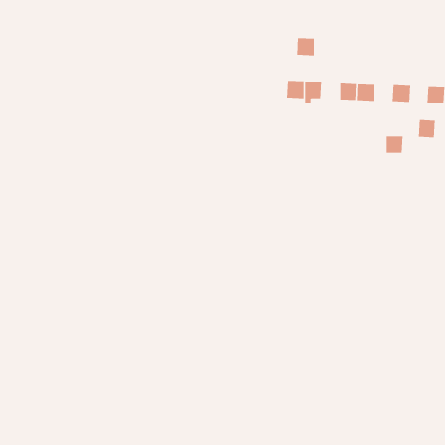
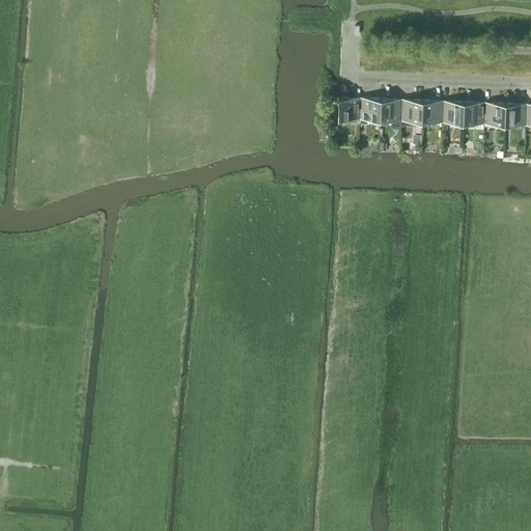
building: [296,38,315,56] -> [384,101,406,122]
building: [418,119,435,138] -> [488,105,509,127]
building: [386,136,403,153] -> [447,104,468,124]

